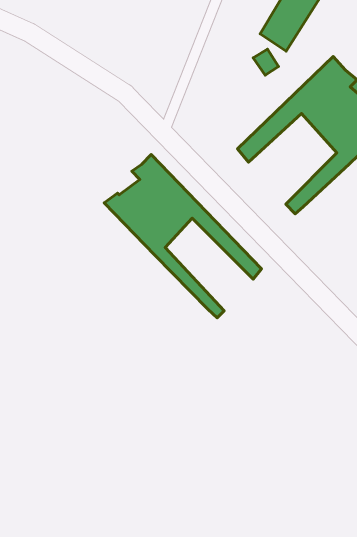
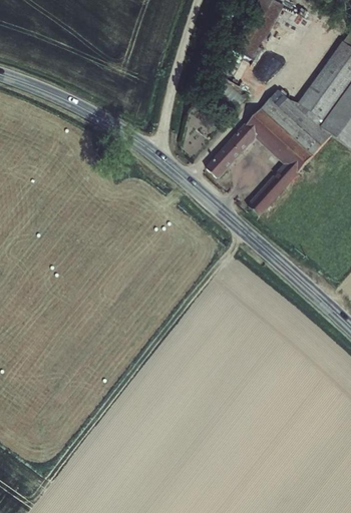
building: [104,154,262,318] -> none

